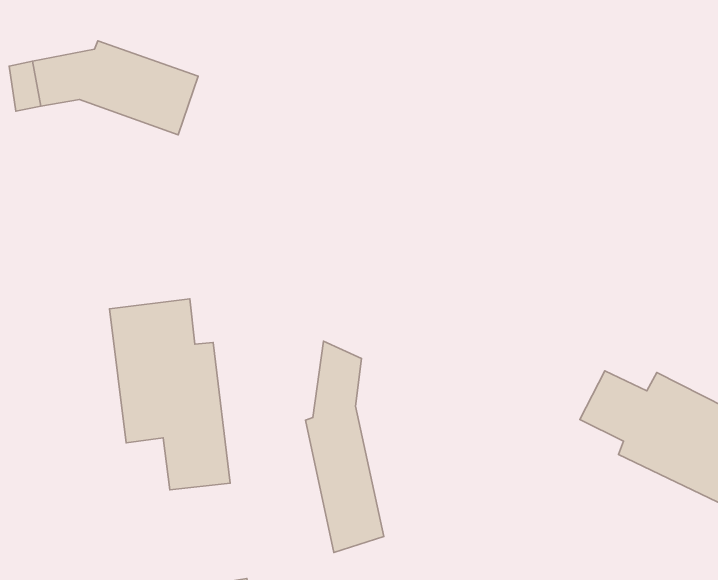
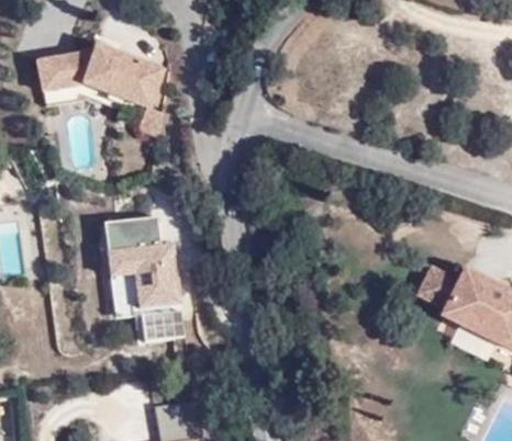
building: [306,341,384,553] -> none

